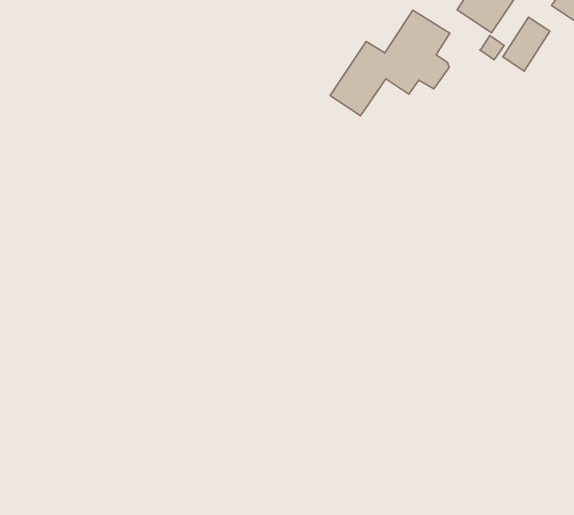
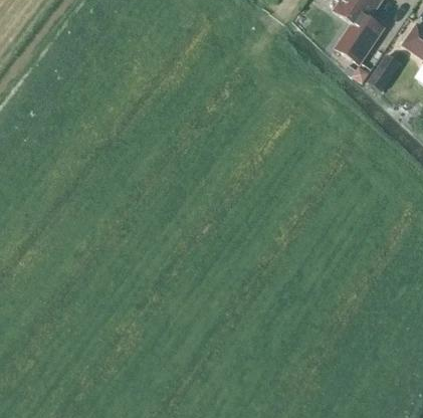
building: [330,10,450,116] -> none

